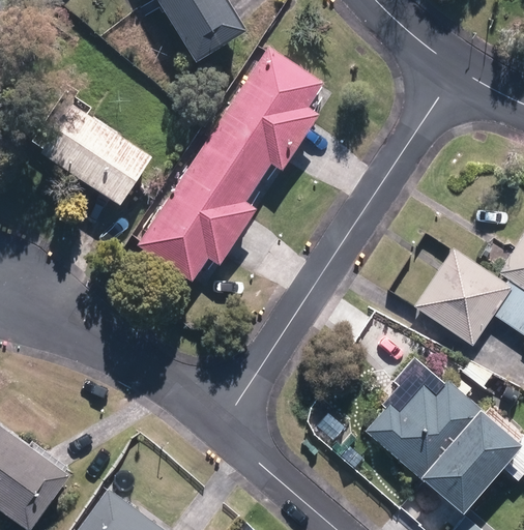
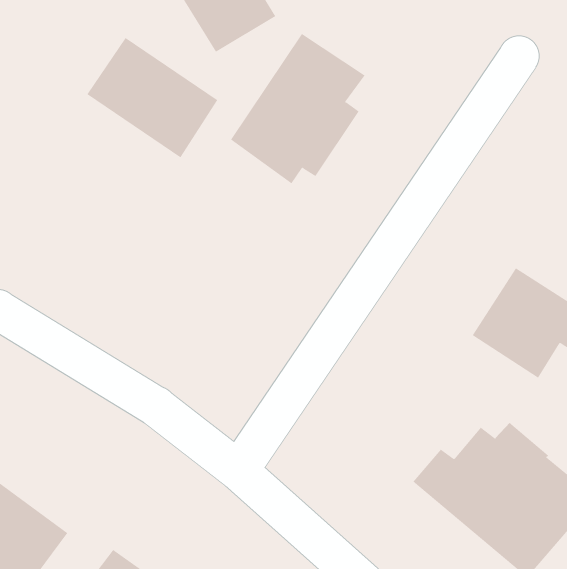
building: [39,104,152,207] -> [86,37,218,158]
building: [137,138,261,282] -> none

